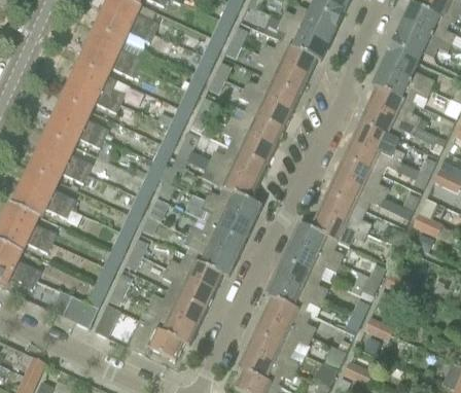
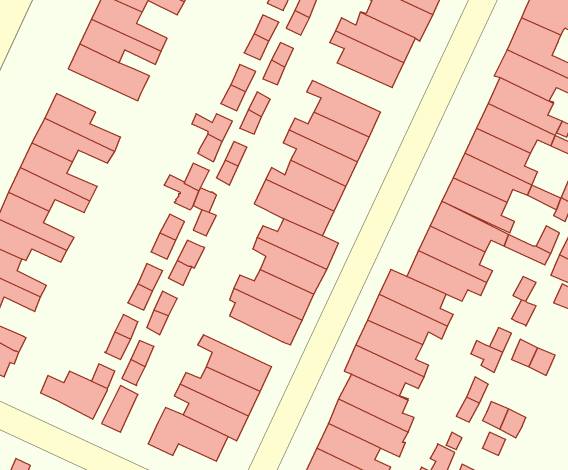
building: [243,76,299,111] -> none
building: [62,80,119,112] -> none
building: [166,255,222,291] -> none

